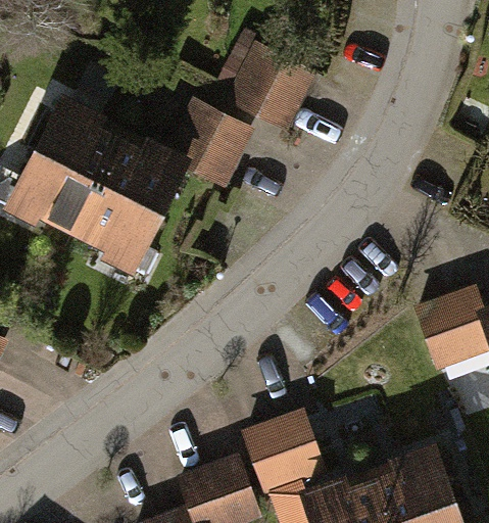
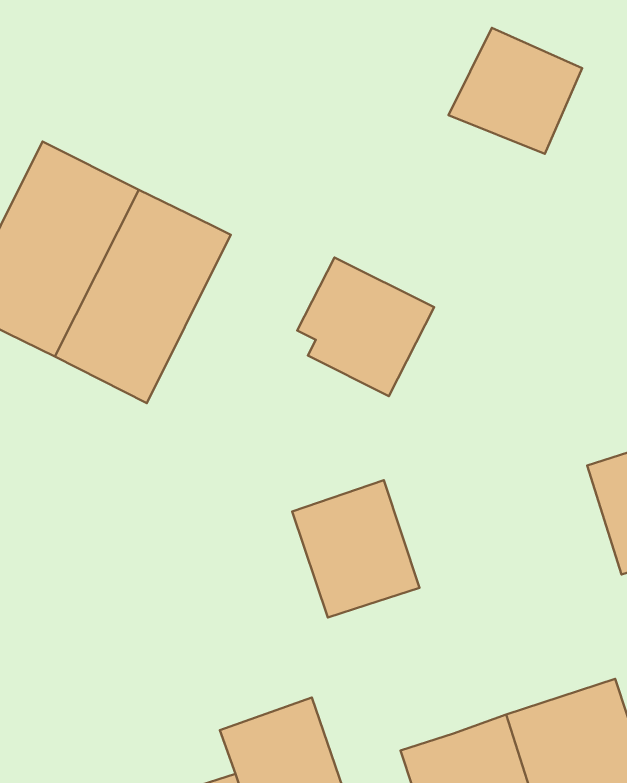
building: [228,49,315,132] -> [448,28,582,154]
building: [169,102,259,193] -> [297,257,434,396]
building: [244,413,328,503] -> [292,480,420,617]

